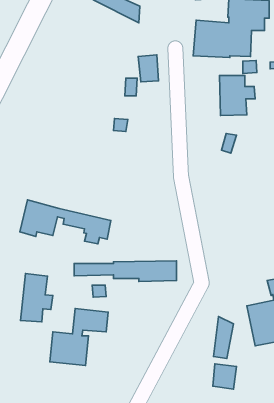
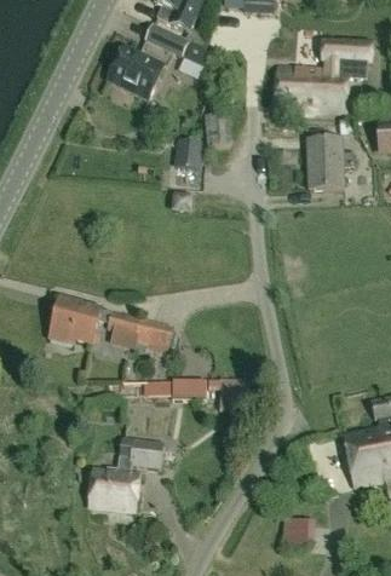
building: none -> [107,45,165,100]
building: [21,274,53,322] -> none
building: [214,317,233,358] -> none

